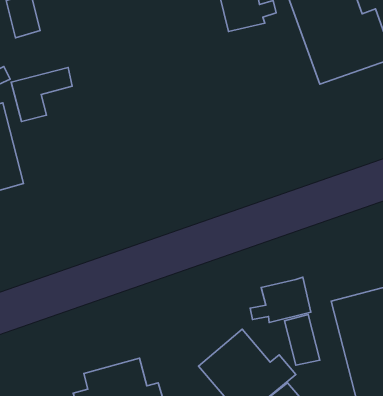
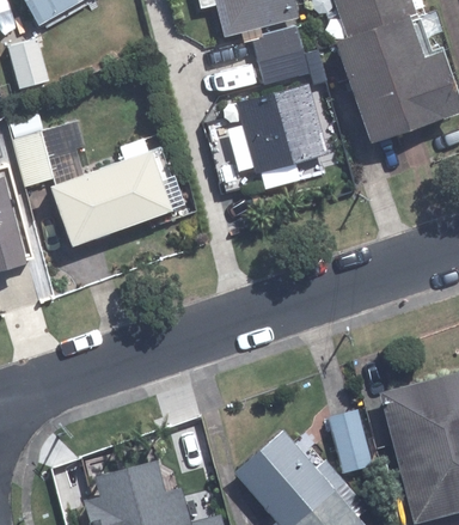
building: none -> [225,85,324,189]
building: none -> [53,142,169,246]
building: [250,277,311,322] -> none

